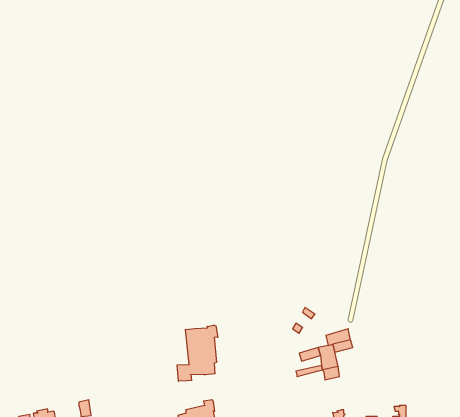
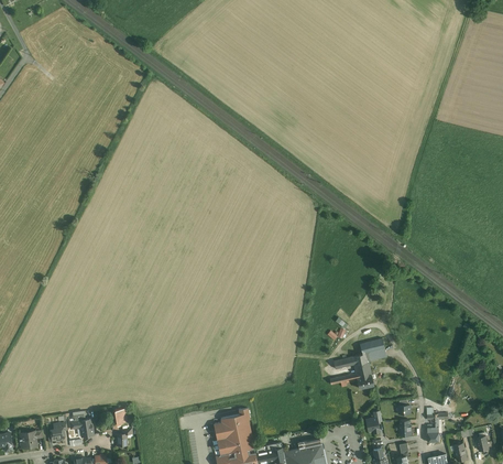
building: [177,325,218,381] -> none

